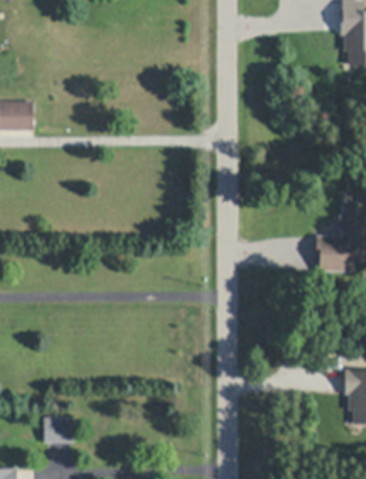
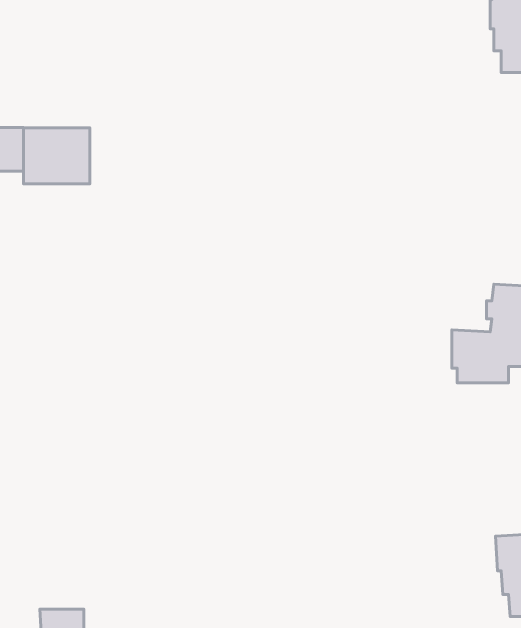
building: none -> [24,128,90,184]

